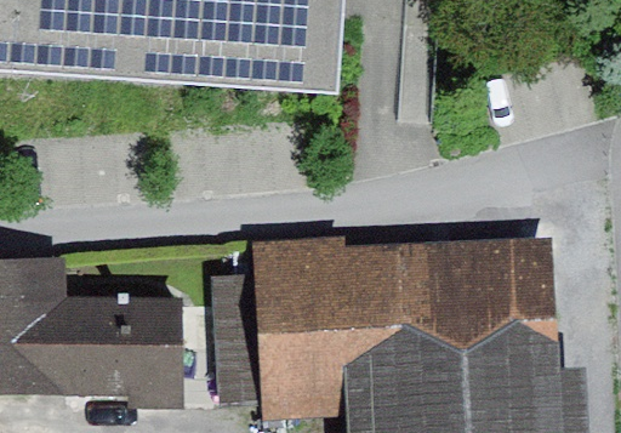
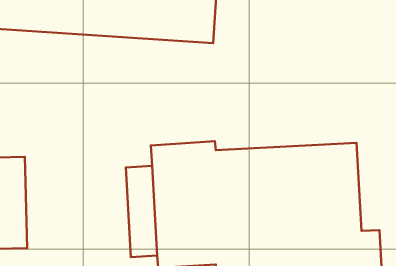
building: [62,297,180,410] -> none

